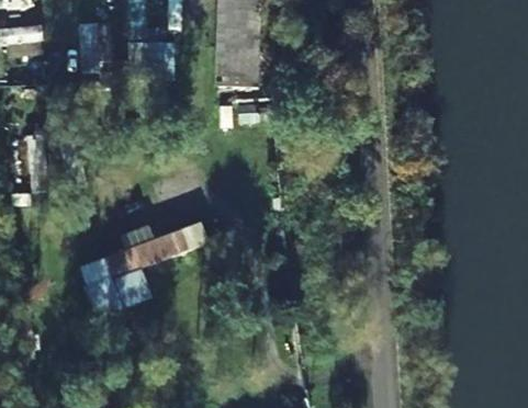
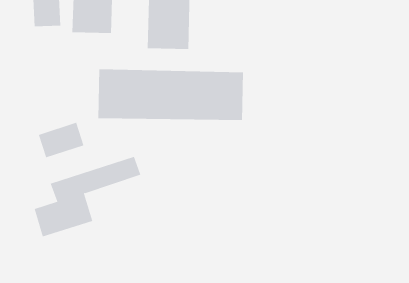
building: none -> [98,69,243,121]
building: none -> [38,122,84,158]

